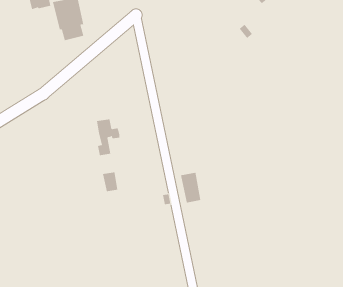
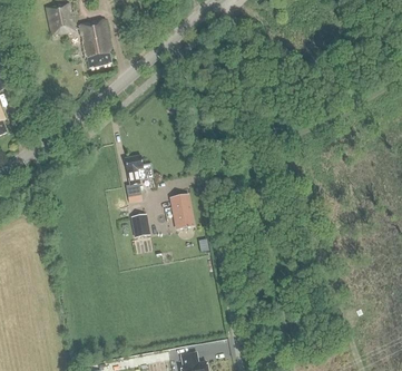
building: [180,172,201,203] -> [170,194,194,228]

